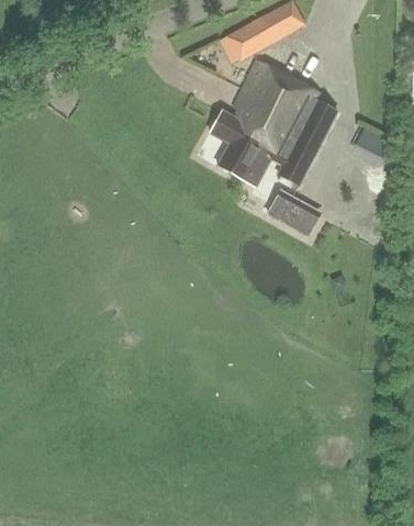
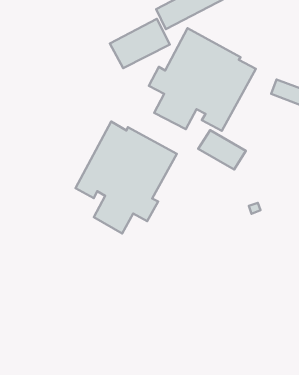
building: none -> [110,19,170,68]
building: none -> [76,122,177,233]

